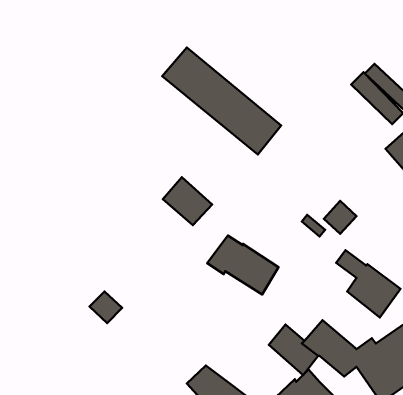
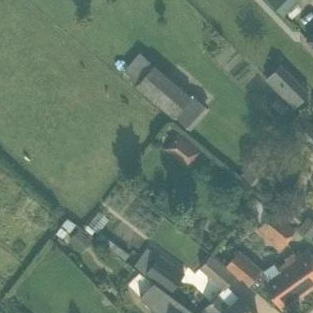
building: [163,177,212,225] -> [164,133,200,168]
building: [207,236,279,295] -> [132,250,184,293]

